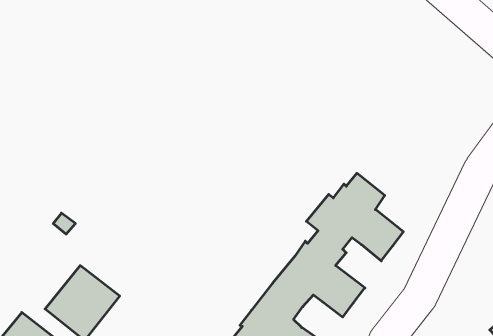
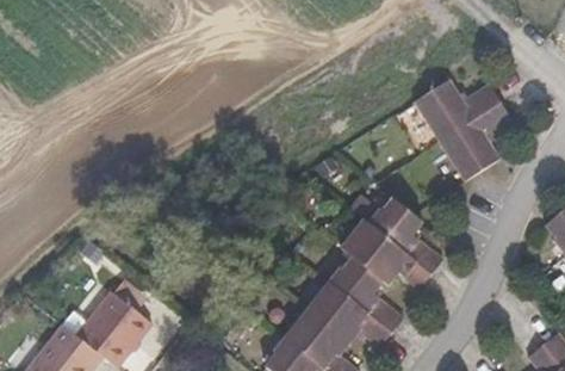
building: none -> [414,80,509,181]

